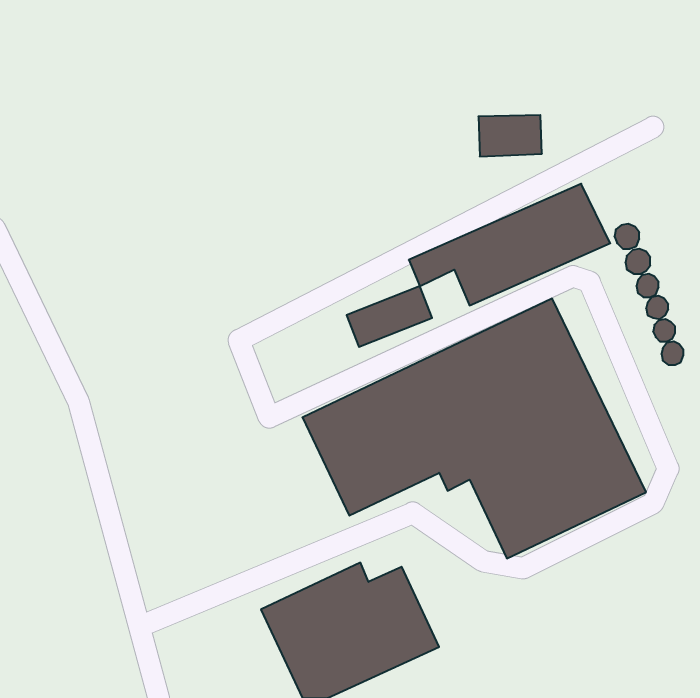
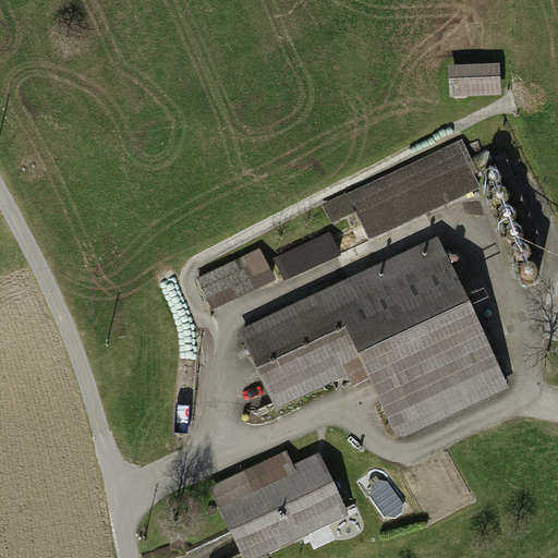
building: [478,115,542,156] -> [449,58,499,90]
building: none -> [198,251,278,312]

